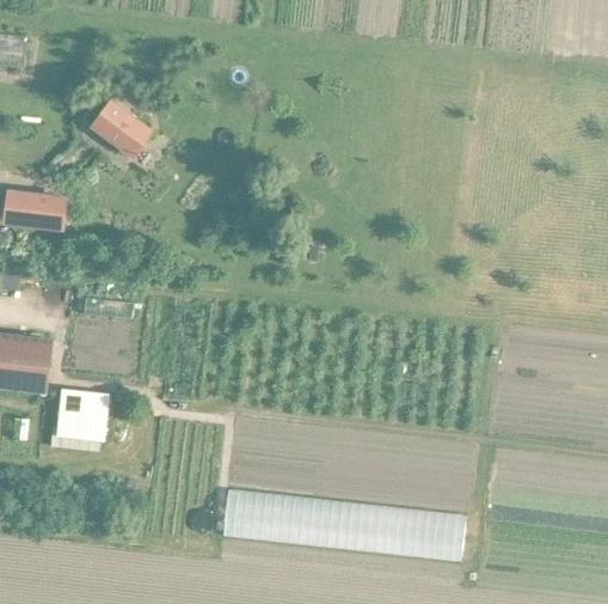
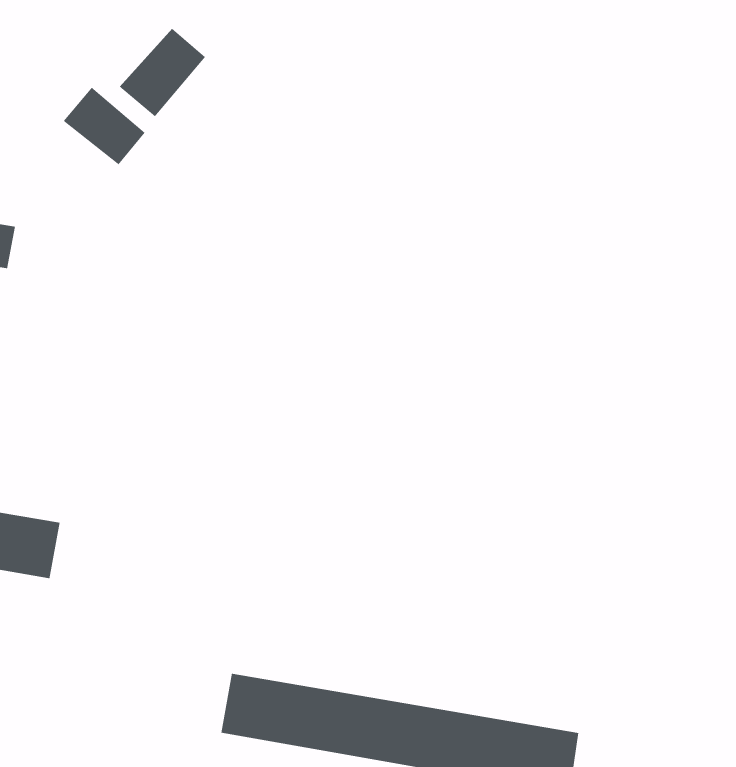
building: none -> [119,28,206,117]

